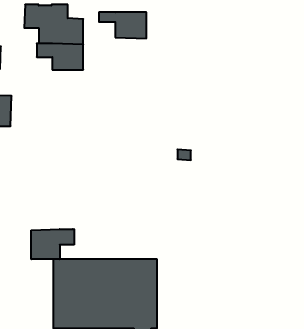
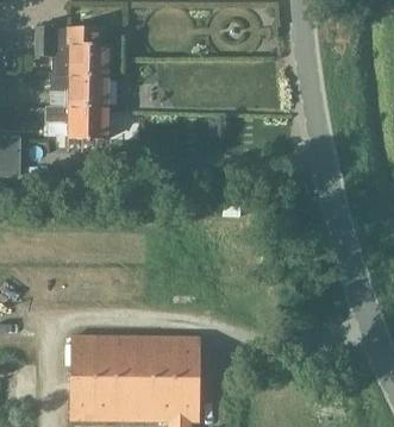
building: [99,12,146,38] -> [50,105,108,137]
building: [31,229,74,259] -> none

